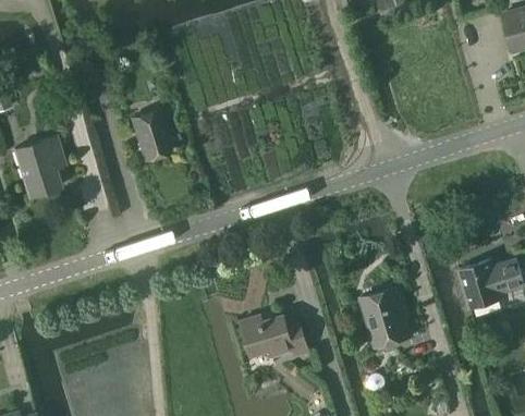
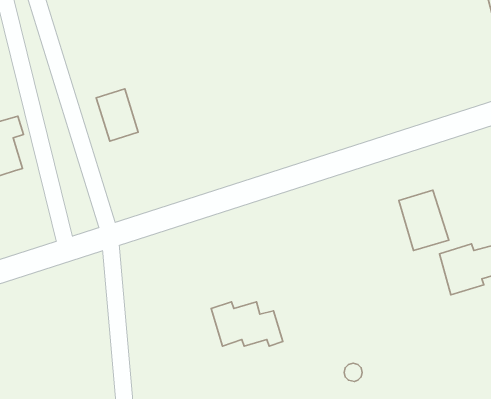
building: [362,289,410,346] -> [399,190,449,251]

